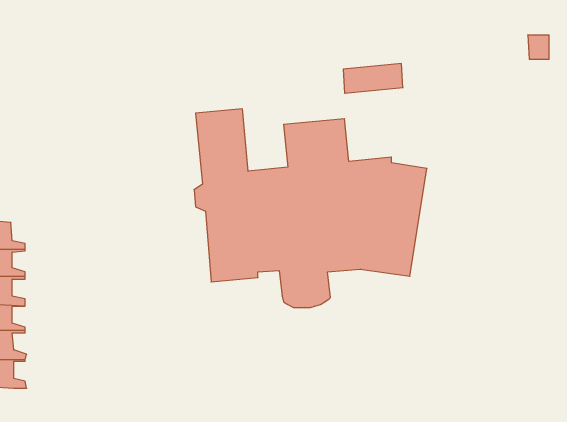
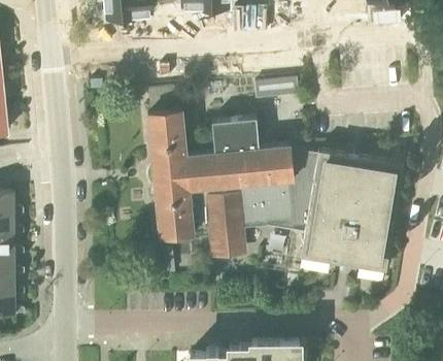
building: none -> [301,152,404,272]

